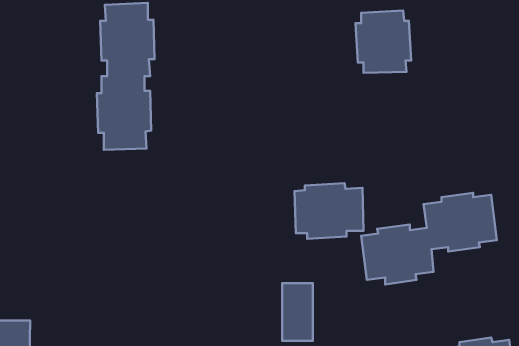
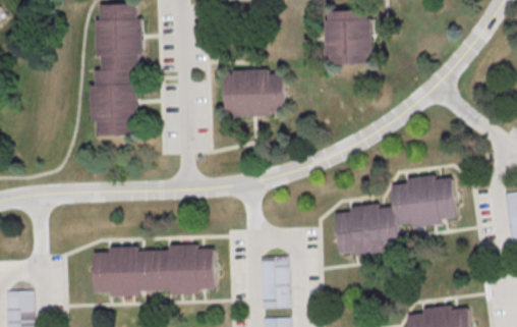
building: [295,183,364,239] -> [223,69,285,119]
building: none -> [90,244,212,295]

